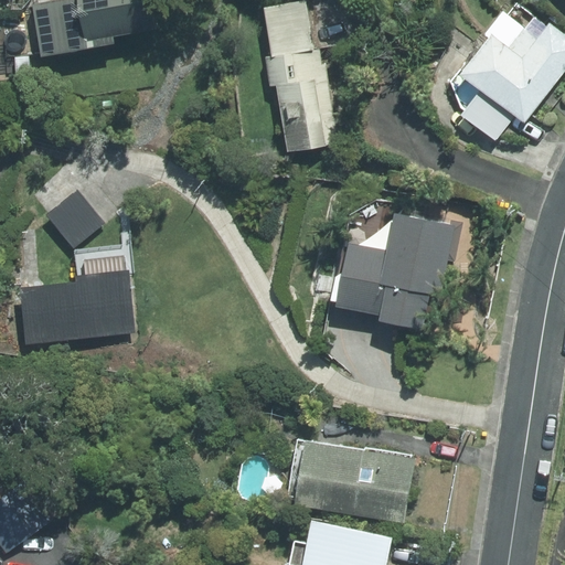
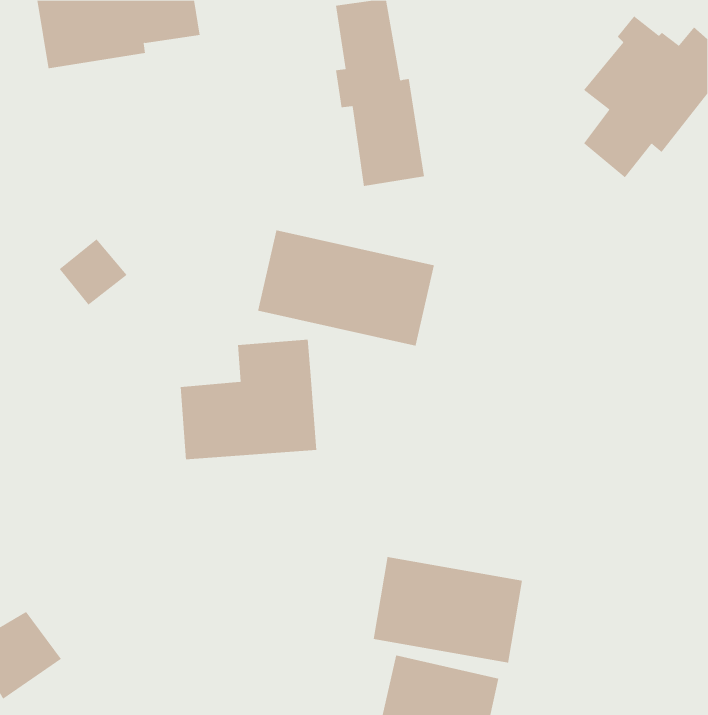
building: none -> [257,230,435,346]
building: [335,212,456,327] -> none
building: [23,247,131,342] -> [180,339,317,460]

